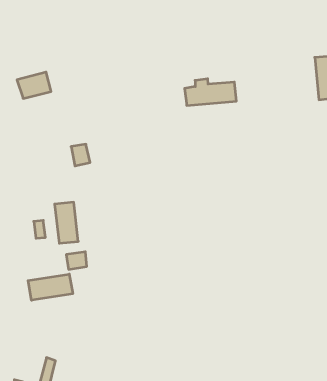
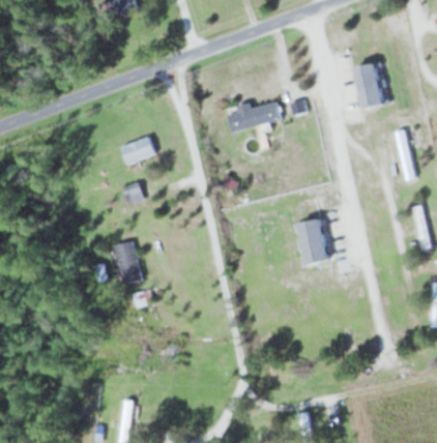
building: [17,72,51,98] -> [120,136,155,165]
building: none -> [296,220,327,266]
building: [28,274,73,300] -> none

